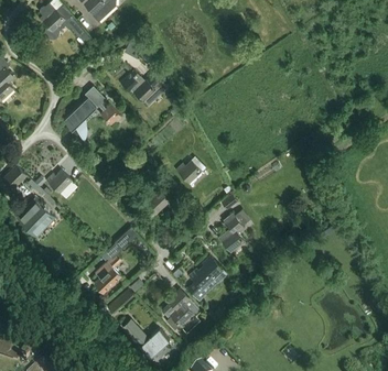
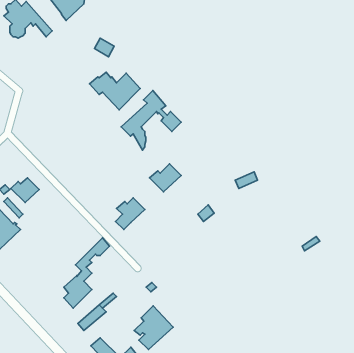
building: [63,84,119,140] -> [121,90,181,150]
building: [218,211,246,251] -> none
building: [186,253,227,298] -> none

